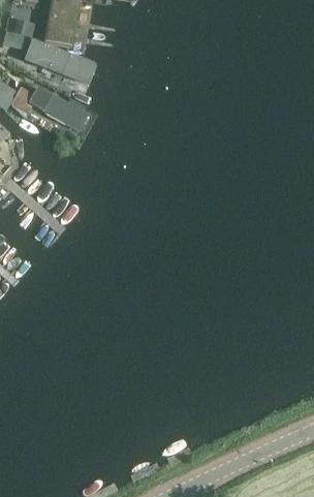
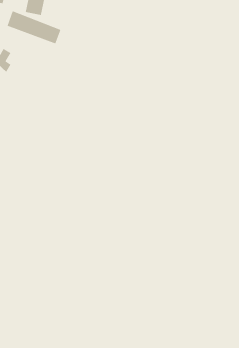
building: [29,88,87,129] -> none

